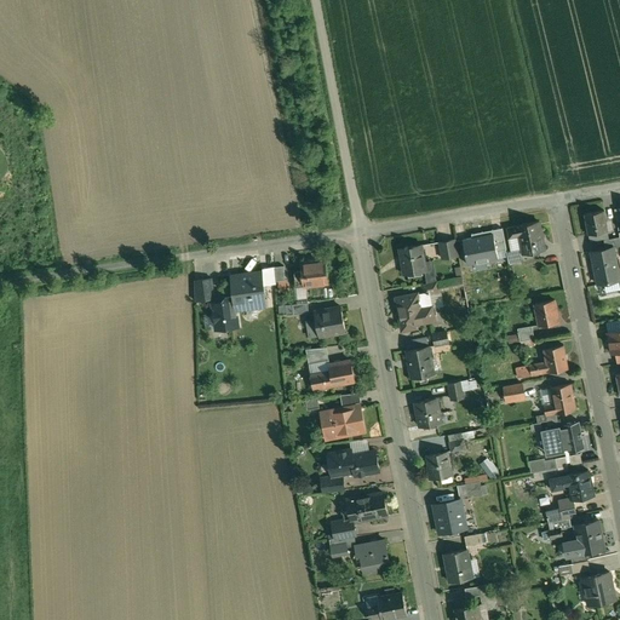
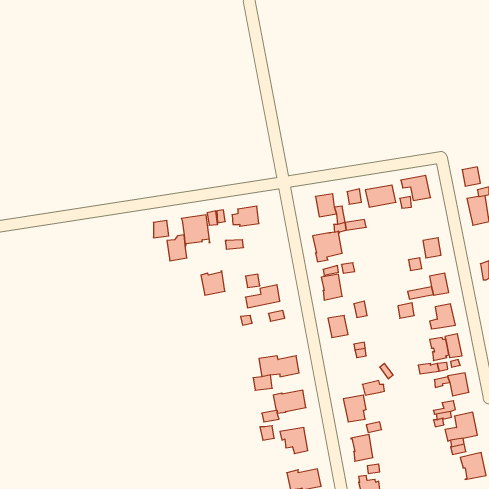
building: [314,308,344,338] -> [201,271,225,295]
building: [323,409,363,436] -> none
building: [426,453,450,481] -> none

